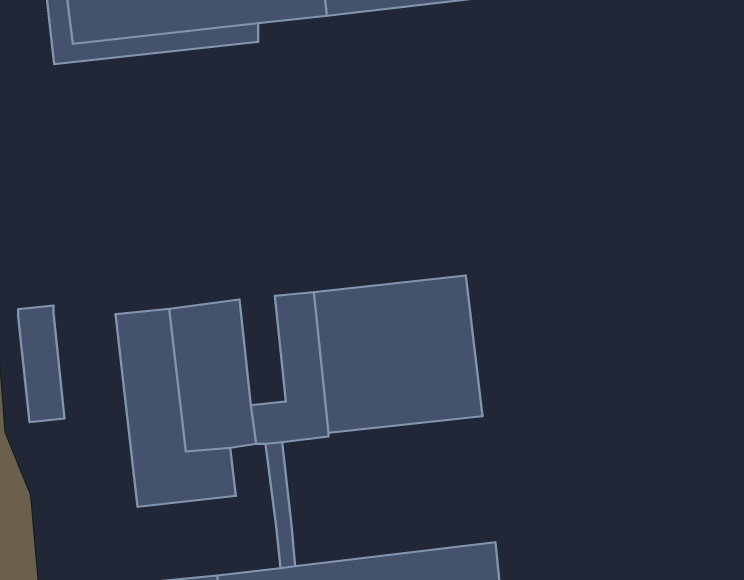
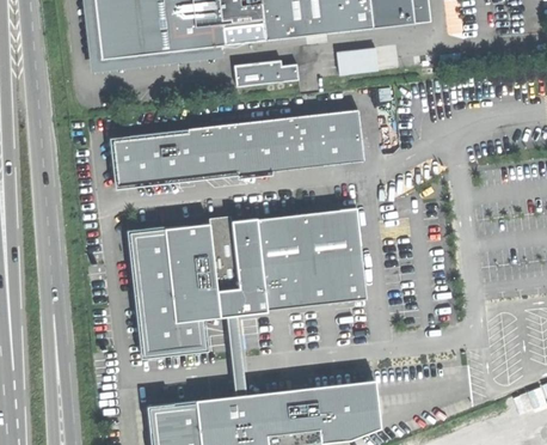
building: none -> [336,48,379,75]
building: none -> [235,61,299,85]
building: none -> [115,109,364,184]
building: [18,305,65,422] -> [210,215,240,291]

